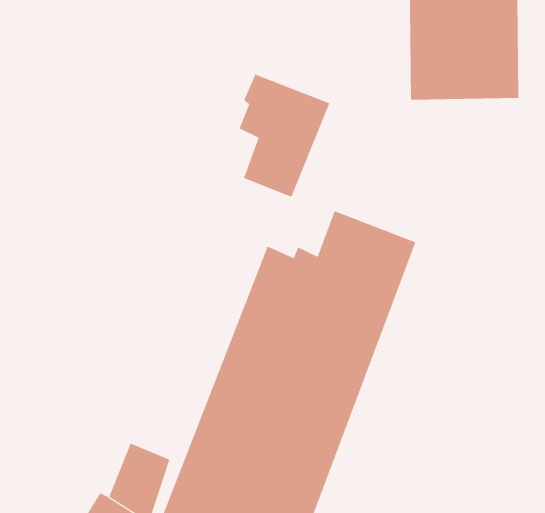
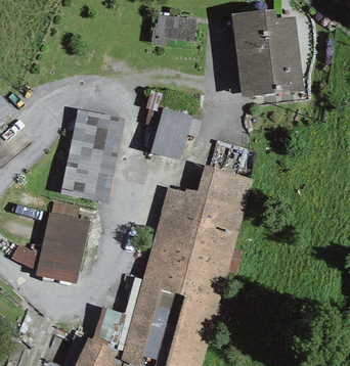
building: none -> [61,109,123,200]
building: none -> [37,213,88,281]

